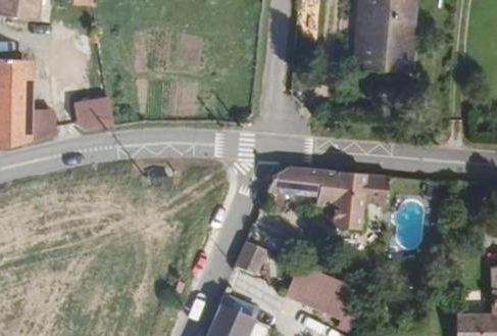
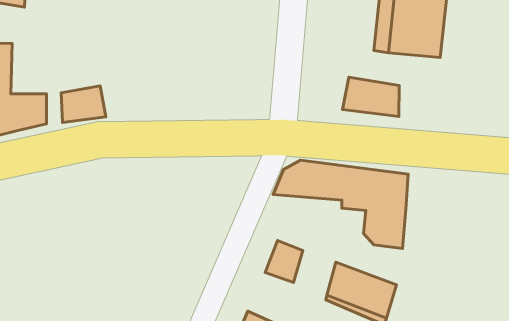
building: none -> [343,77,399,117]

